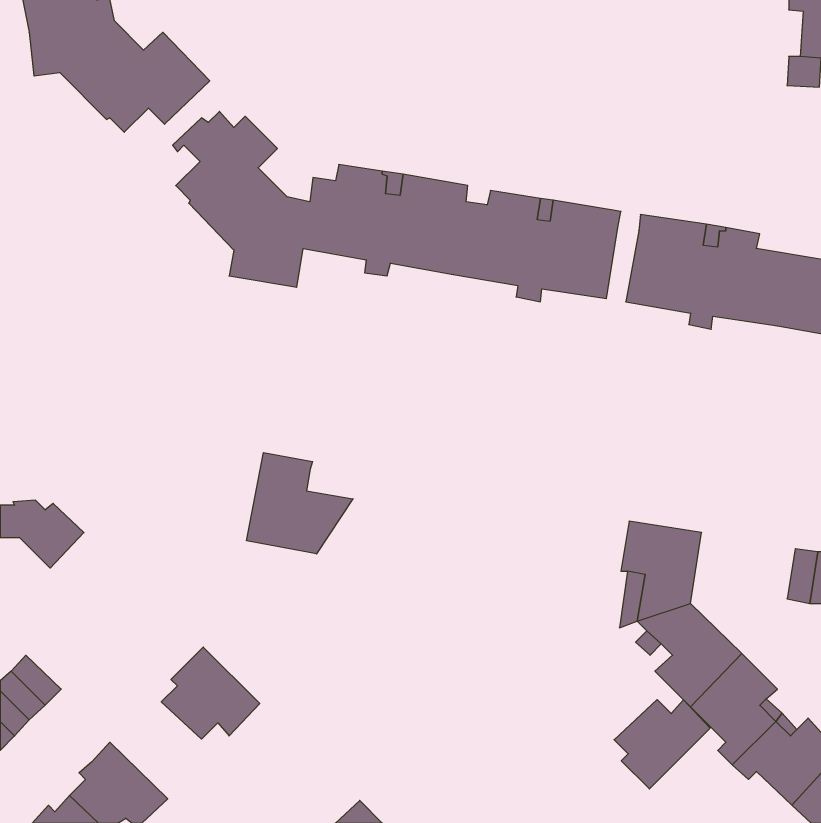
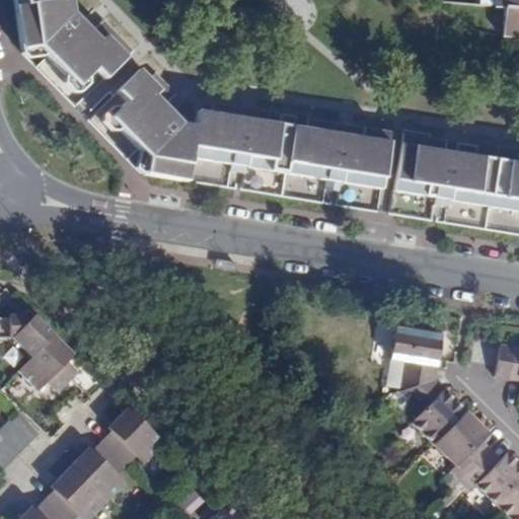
building: [247,453,353,554] -> none
building: none -> [19,335,80,393]
building: [614,700,710,789] -> none
building: none -> [71,441,129,502]

